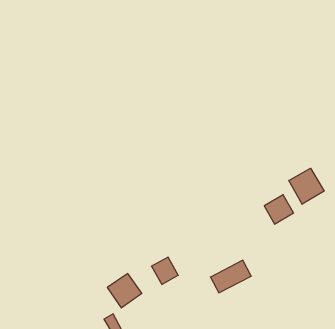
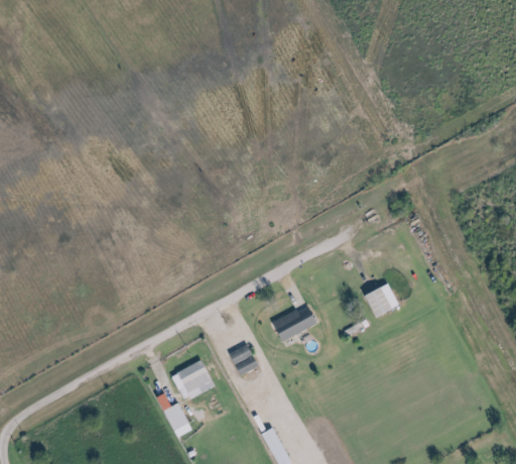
building: [289,168,324,204] -> none
building: [210,260,251,293] -> [271,306,318,341]

